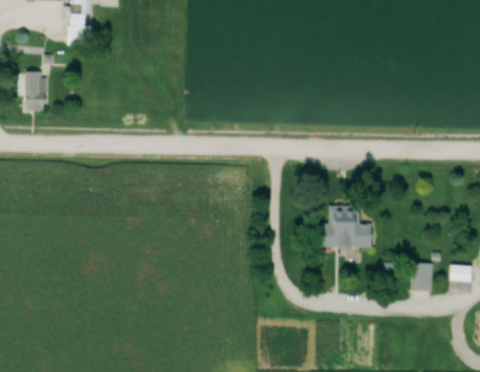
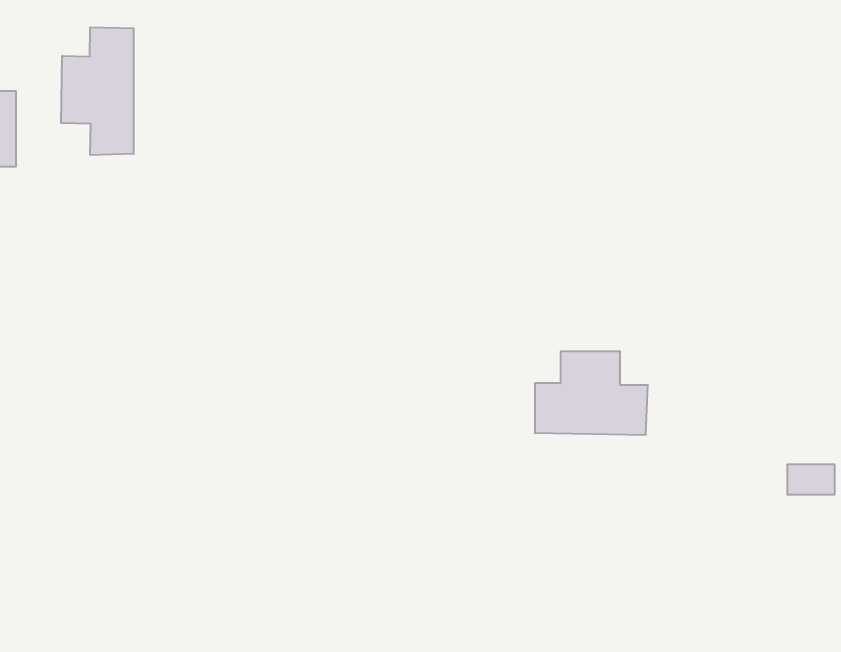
building: none -> [61,27,134,155]
building: [411,263,433,291] -> none

